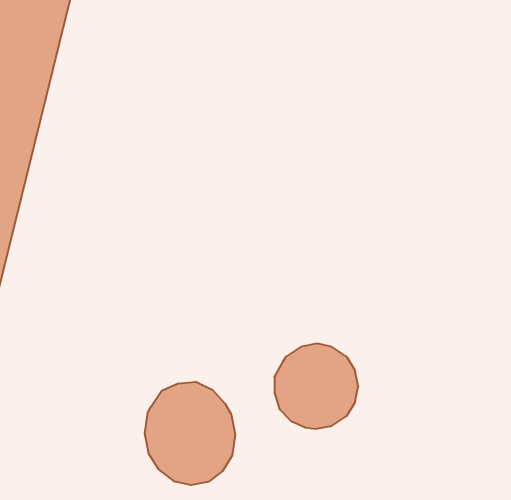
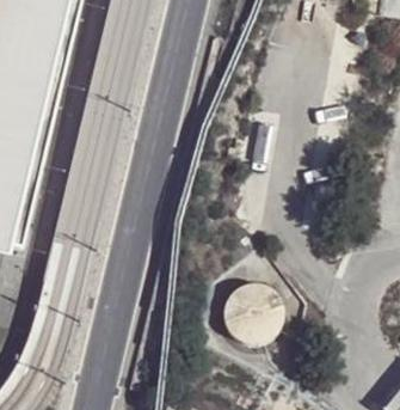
building: [145,382,235,485] -> none

